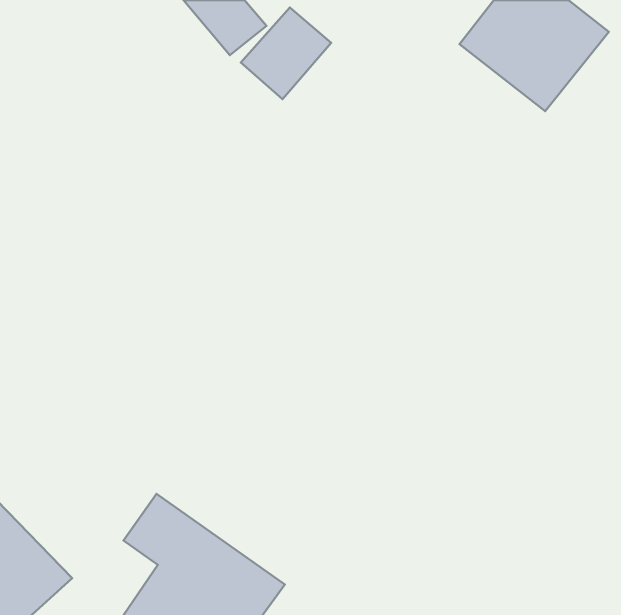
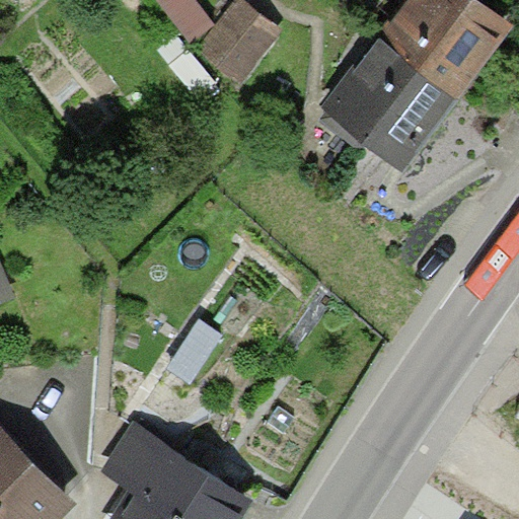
building: none -> [327,45,452,167]

